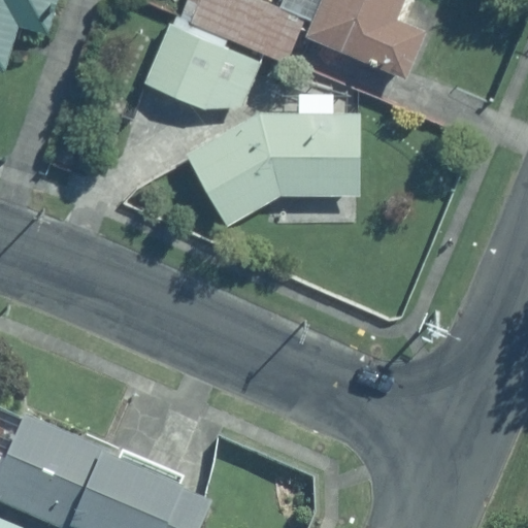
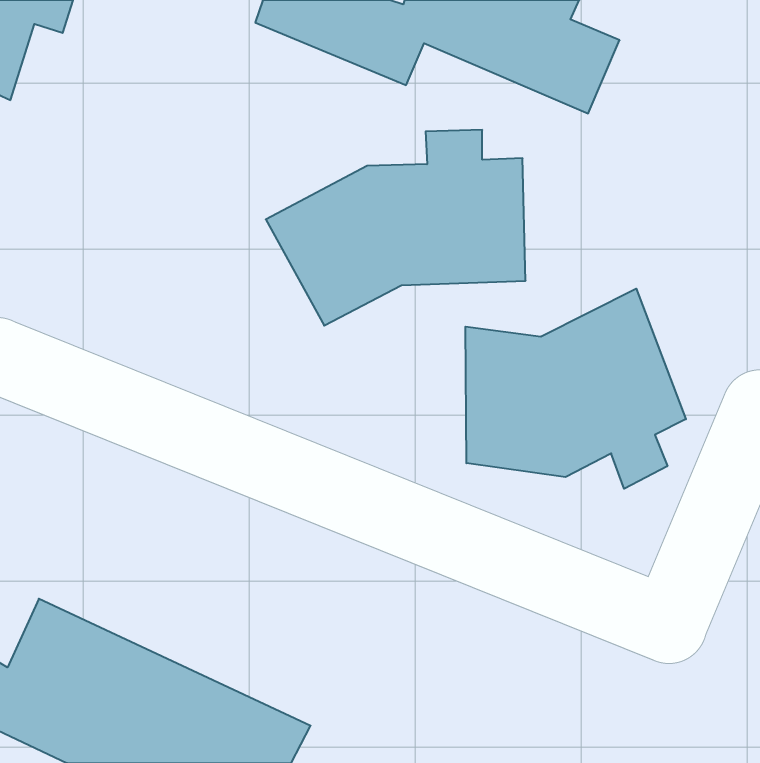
building: [138,16,261,107] -> none
building: none -> [465,289,686,489]

